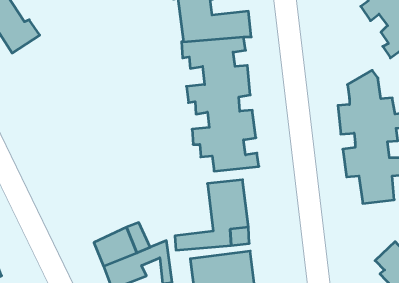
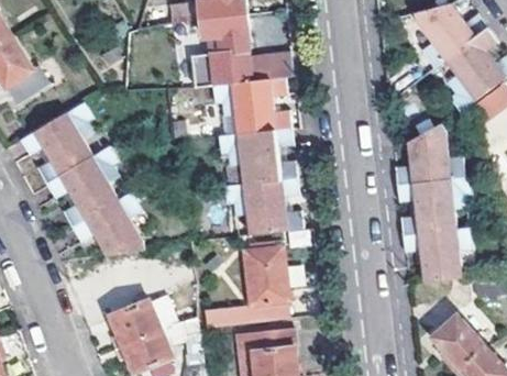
building: none -> [20,99,143,255]

